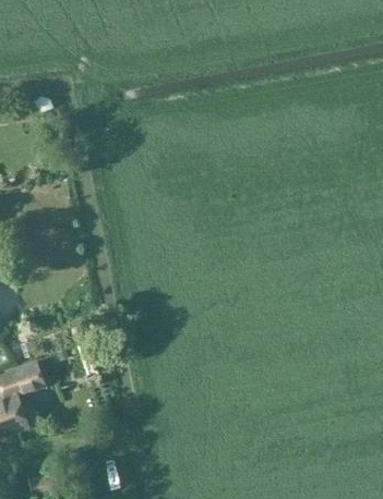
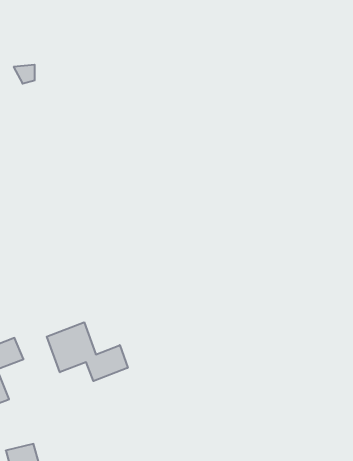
building: none -> [47,322,128,381]

